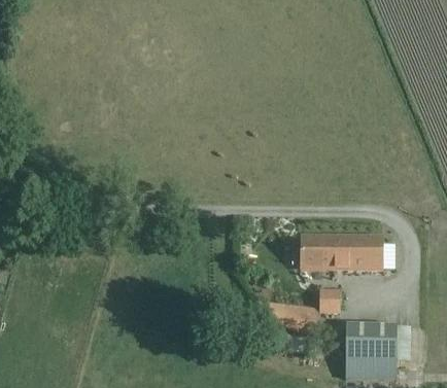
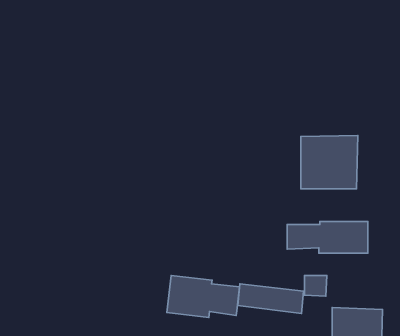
building: none -> [301,136,358,189]
building: none -> [167,276,240,317]

